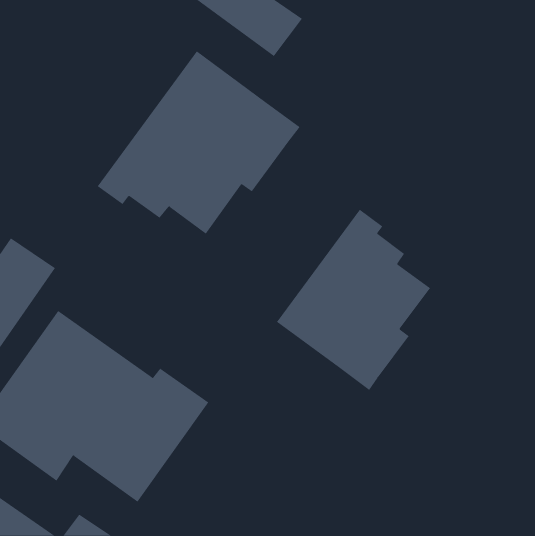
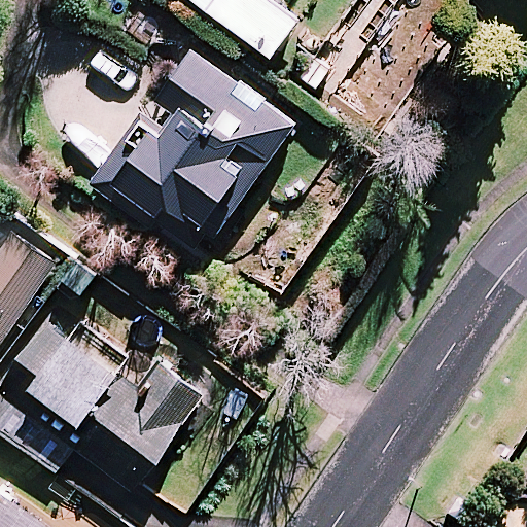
building: [276,209,431,391] -> none

